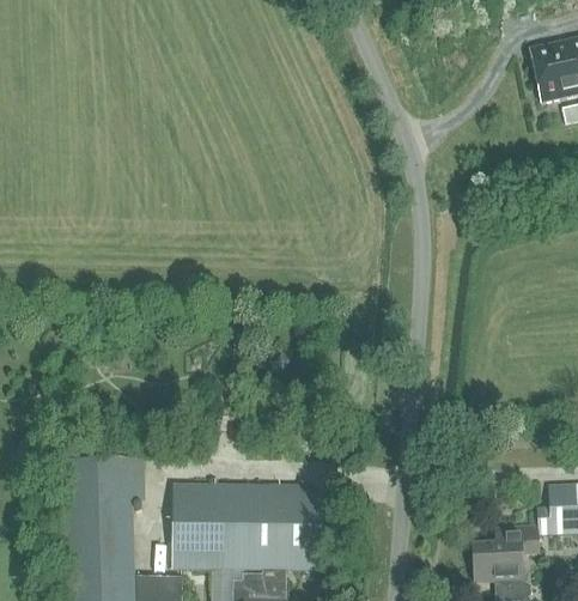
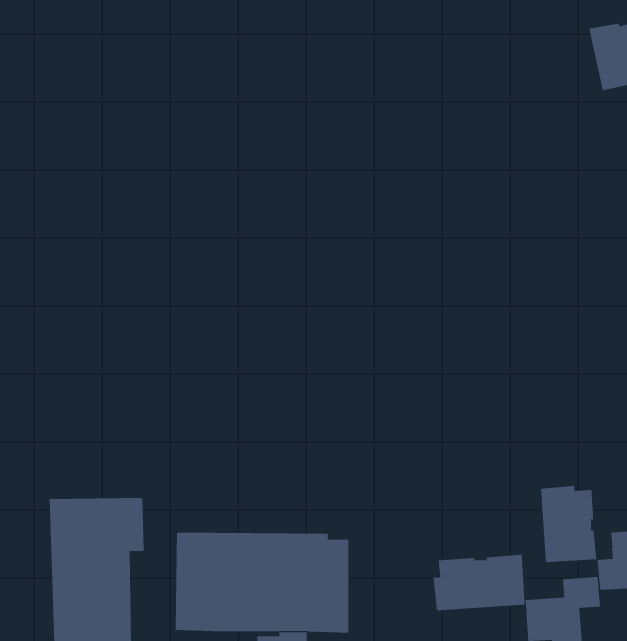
building: none -> [541,485,597,563]
building: none -> [433,554,525,611]

